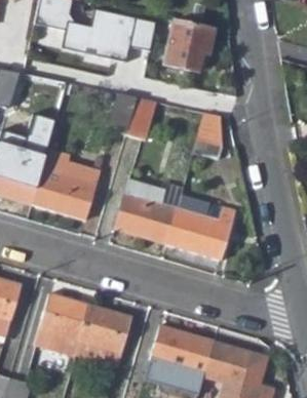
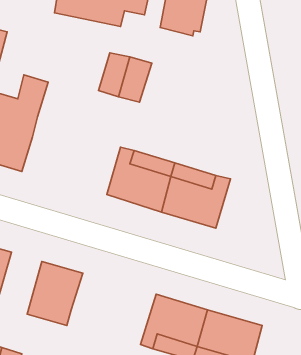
building: [194,111,223,159] -> none
building: [31,152,99,222] -> none
building: [75,305,133,368] -> none

